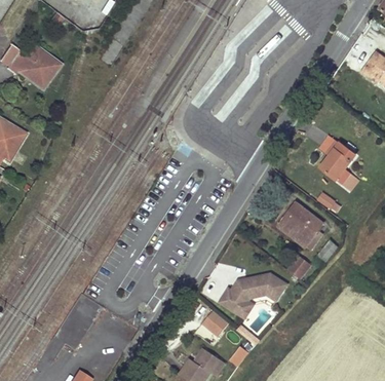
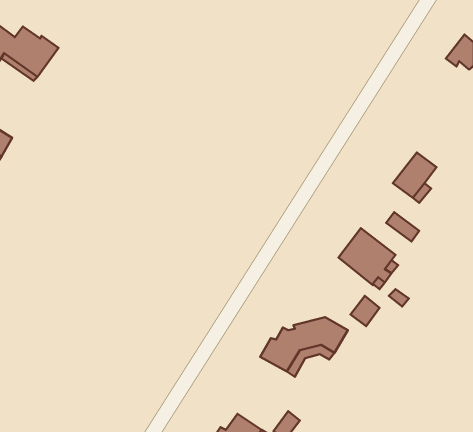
building: [195,308,229,343] -> none

